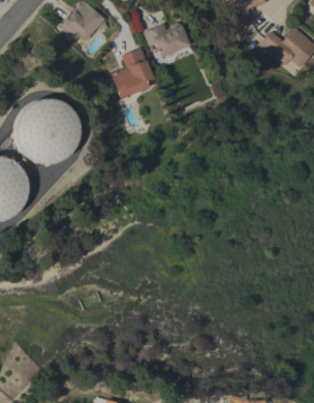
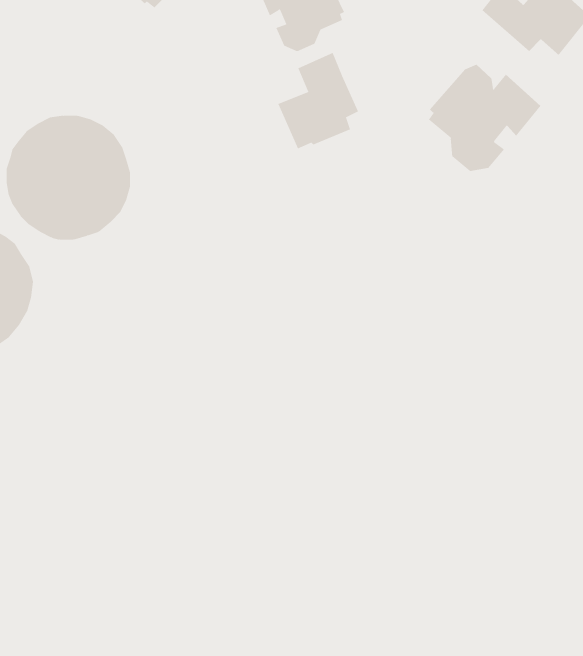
building: [111,47,153,97] -> [278,52,359,149]
building: none -> [428,64,541,172]

